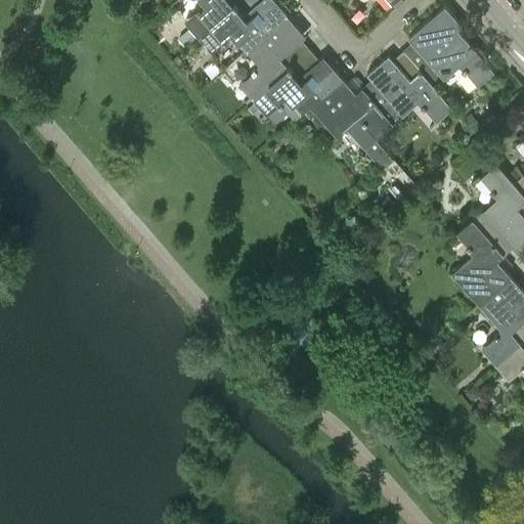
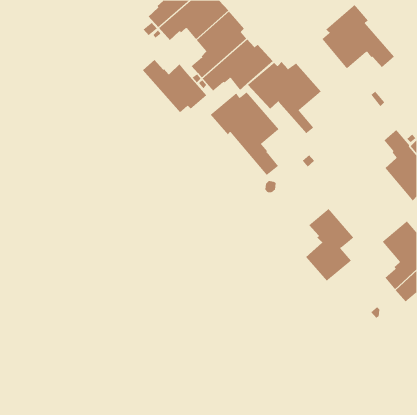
building: [366,52,453,124] -> none
building: none -> [142,59,207,113]
building: none -> [210,92,279,176]
building: [452,214,514,306] -> [305,208,354,282]

